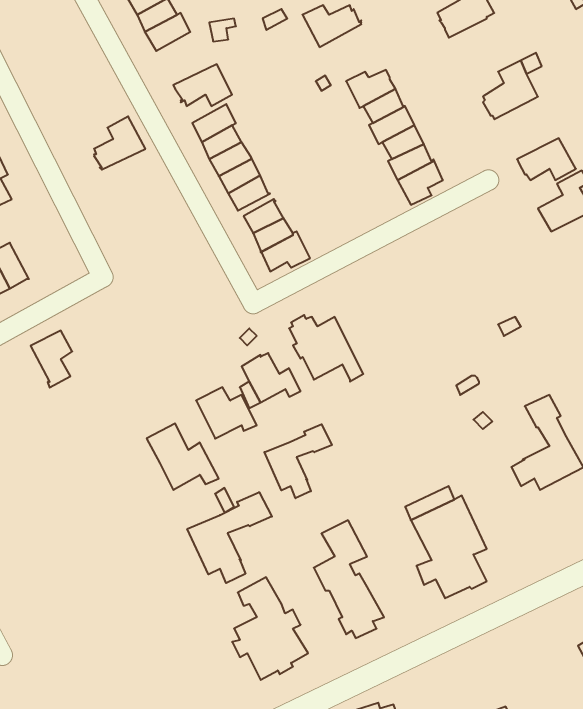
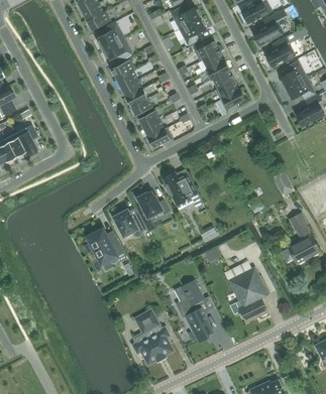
building: none -> [253,10,288,46]
building: none -> [180,17,207,45]
building: none -> [281,60,307,89]
building: [94,116,145,170] -> [98,21,125,49]
building: [31,331,72,388] -> [15,125,37,155]
building: [264,424,332,498] -> none
building: [187,492,272,583] -> none

